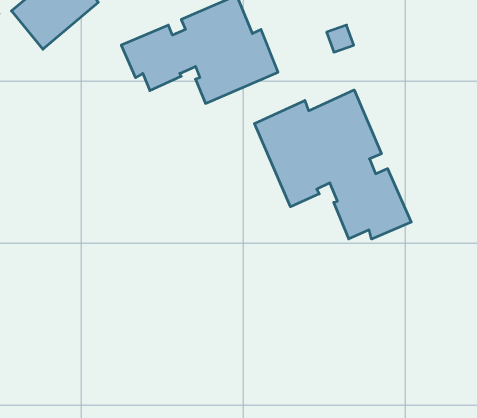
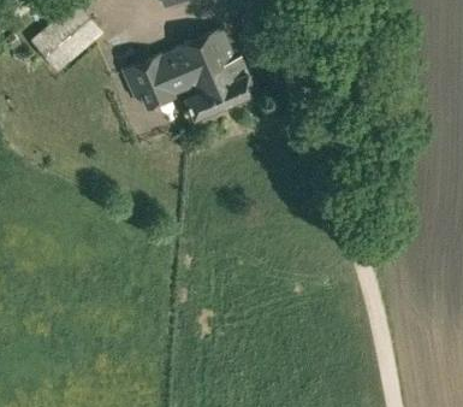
building: [254,90,411,239] -> none

